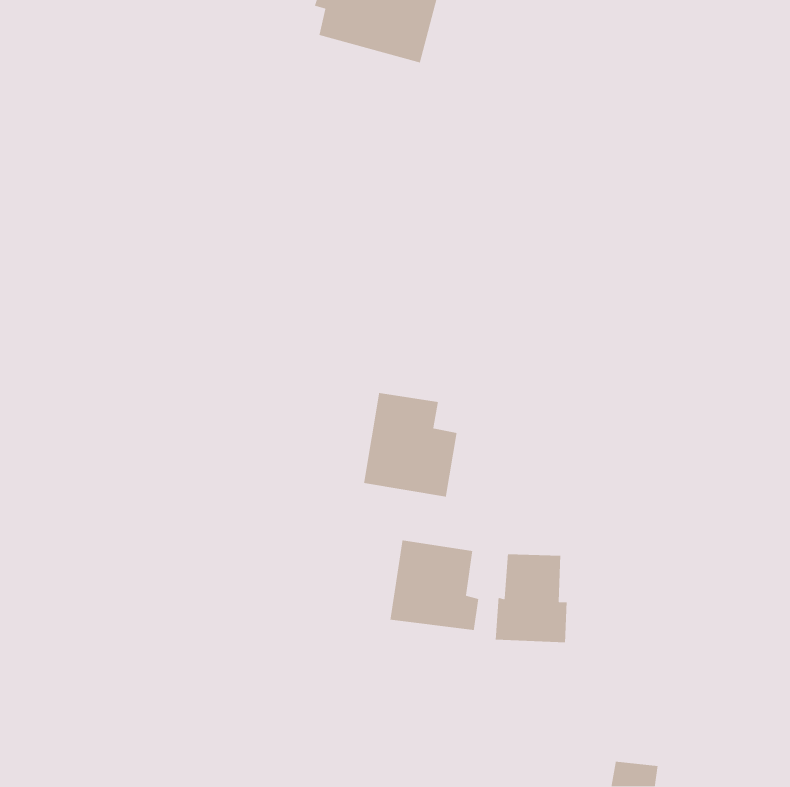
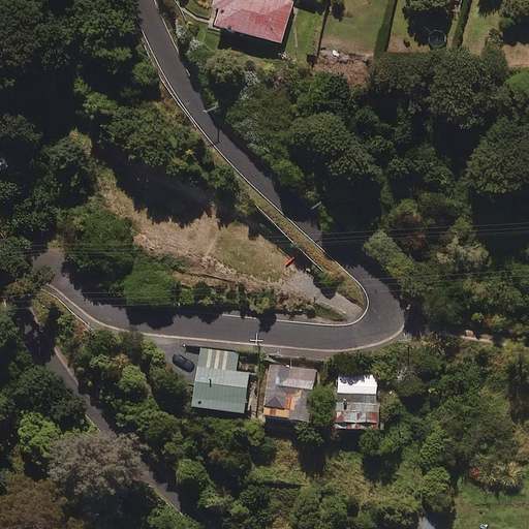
building: [363,392,457,497] -> [188,345,251,415]

